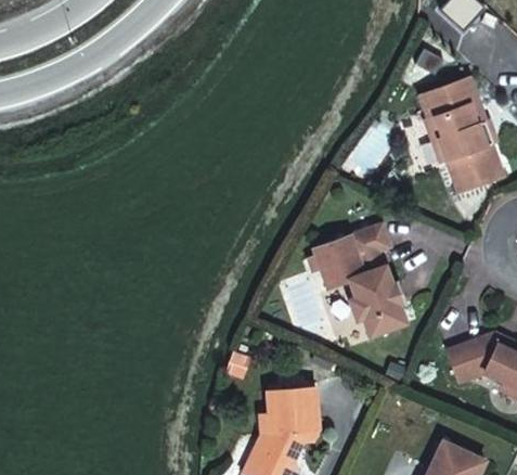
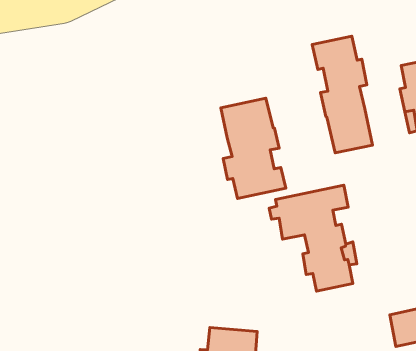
building: none -> [312,36,372,153]
building: none -> [221,98,286,198]

